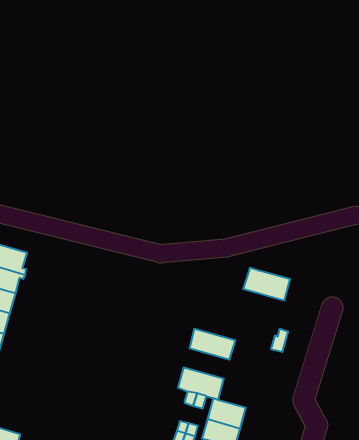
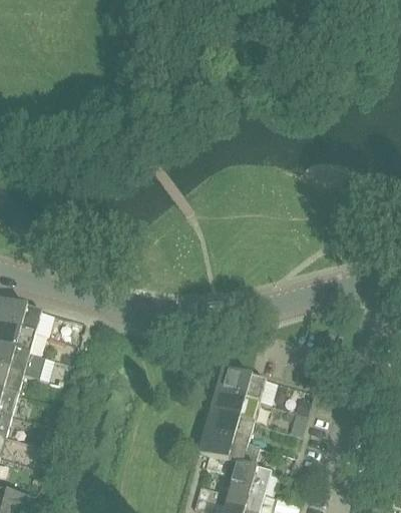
building: [243,268,290,300] -> [218,366,267,400]
building: none -> [207,408,255,440]

